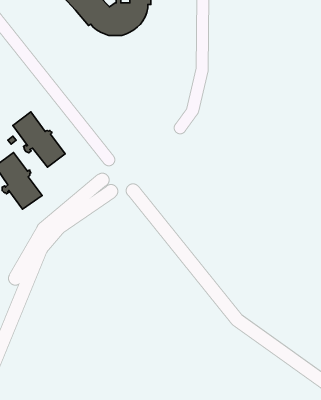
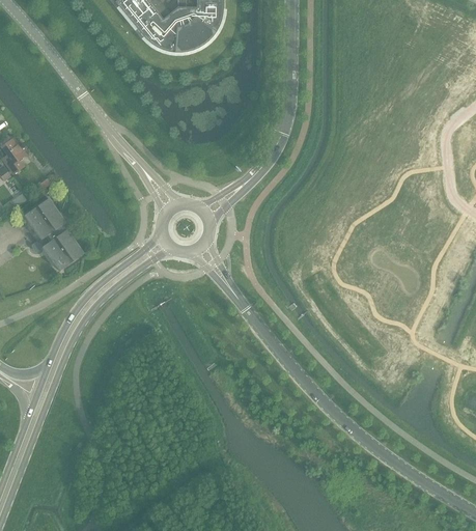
building: [13,112,65,167] -> none

